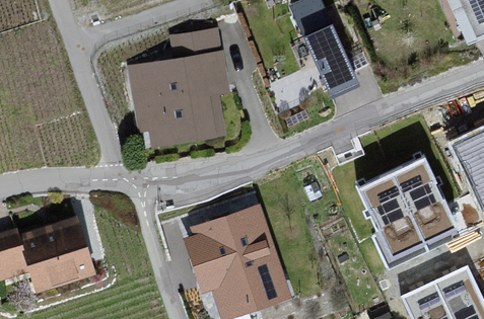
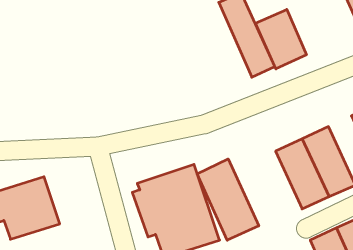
building: none -> [255,9,306,69]
building: [125,27,226,150] -> none
building: none -> [197,159,259,240]

